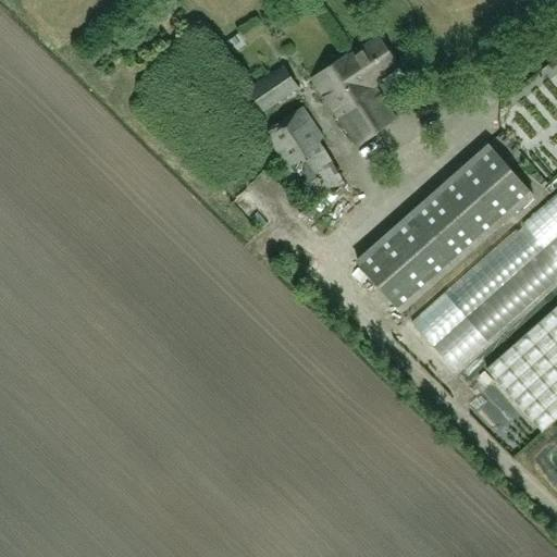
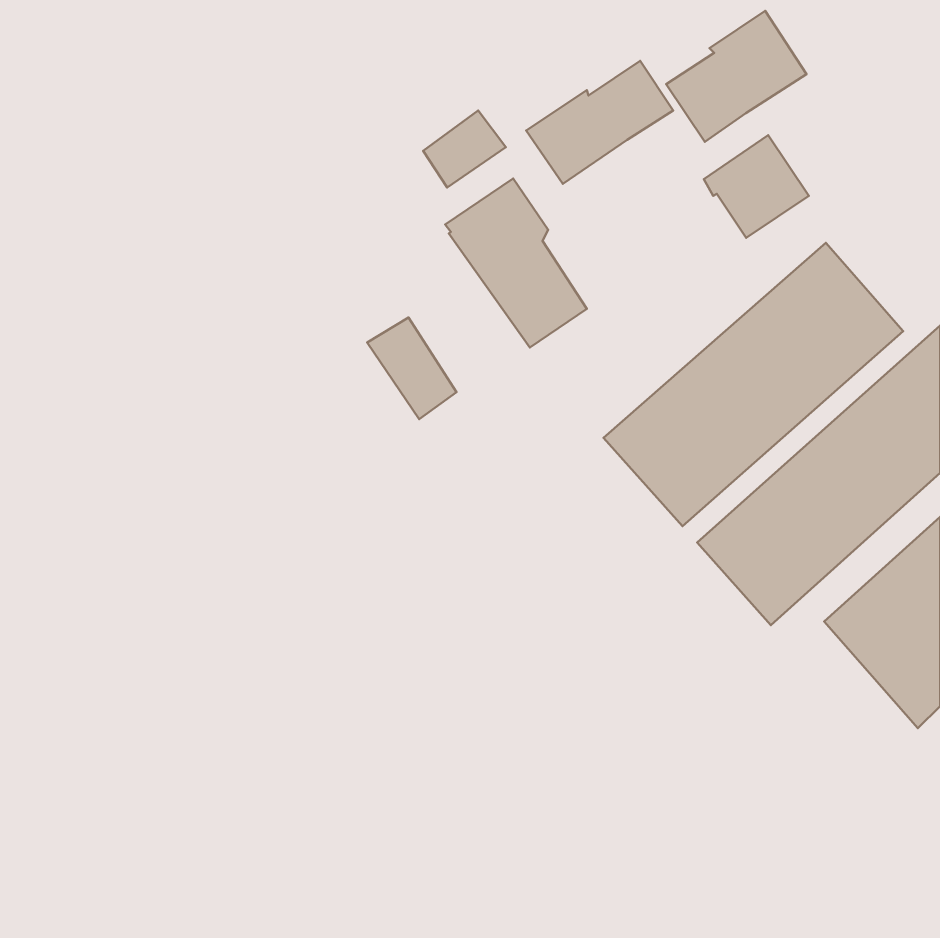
building: none -> [666,11,806,142]
building: [333,83,395,144] -> [704,135,809,238]
building: none -> [367,317,456,419]

